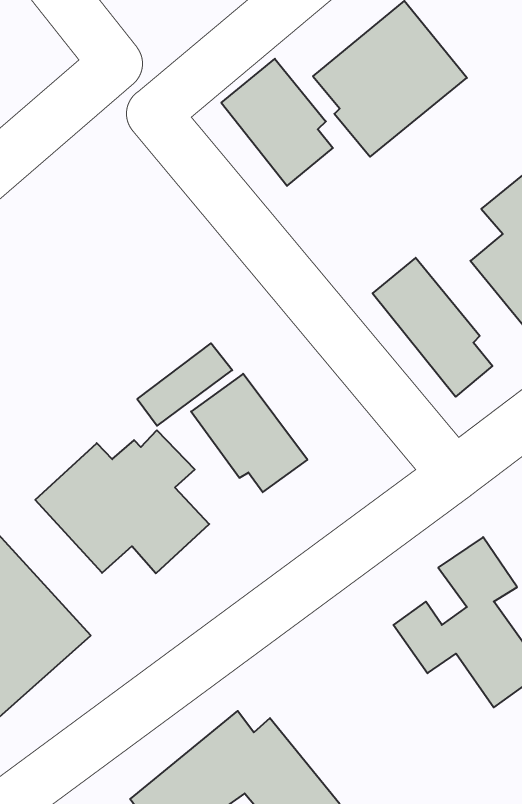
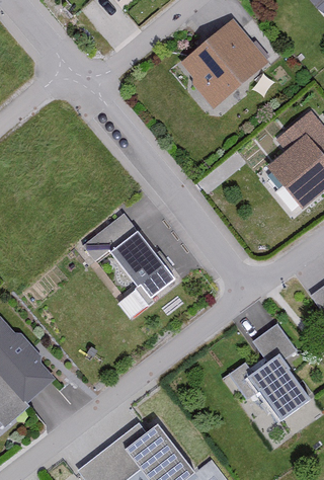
building: [221,59,333,186] -> none
building: [373,258,492,397] -> none
building: [35,430,209,573] -> none

